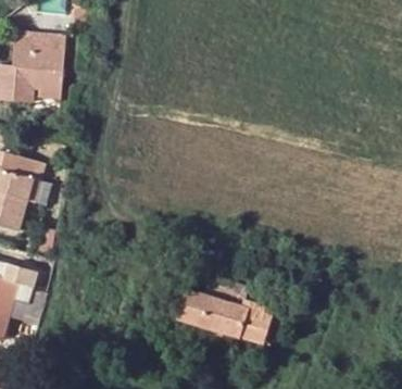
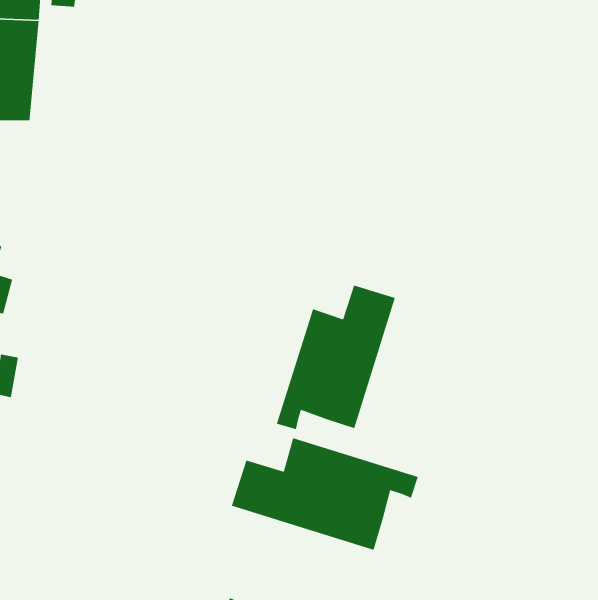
building: none -> [276,284,396,430]

